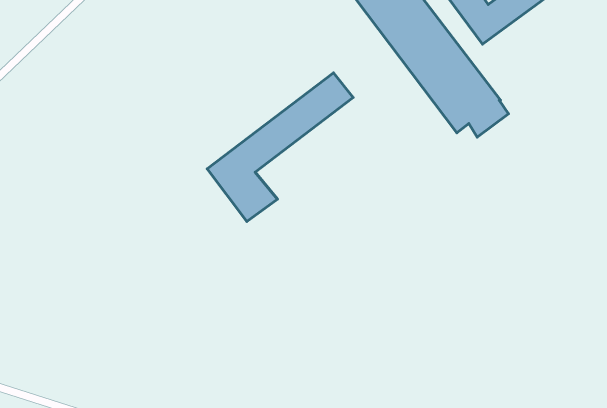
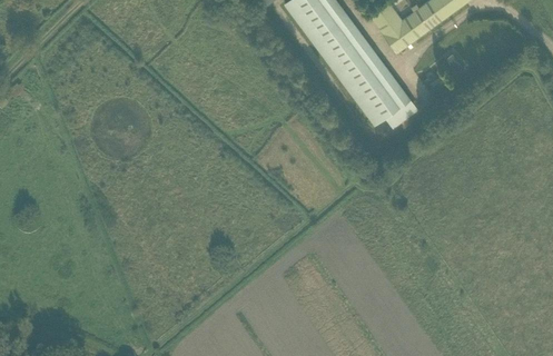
building: [207,73,353,222] -> none

